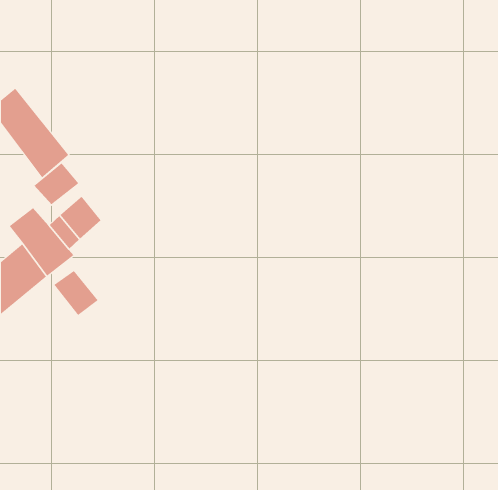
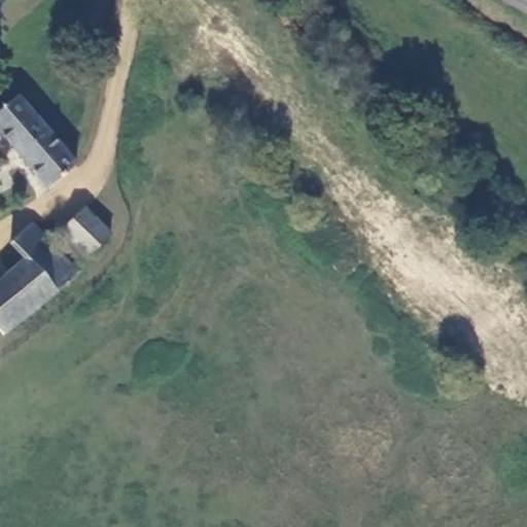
building: [33,162,79,205] -> none
building: [54,270,98,316] -> none

